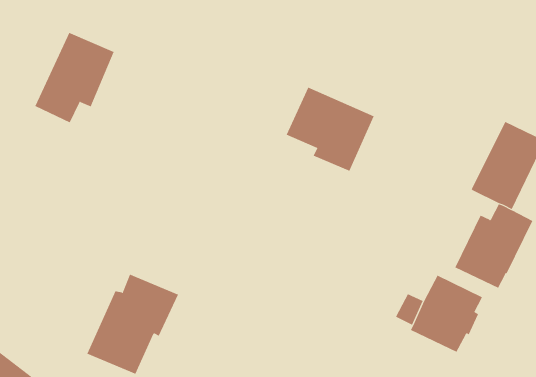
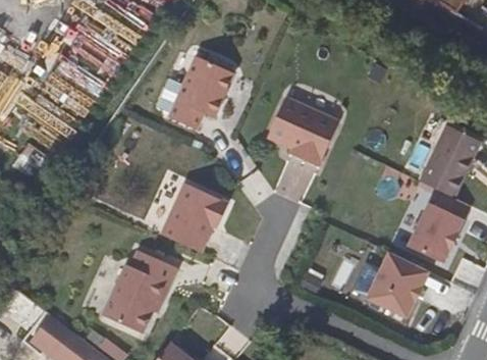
building: [35,32,114,123] -> [166,55,232,131]
building: none -> [158,186,225,255]

